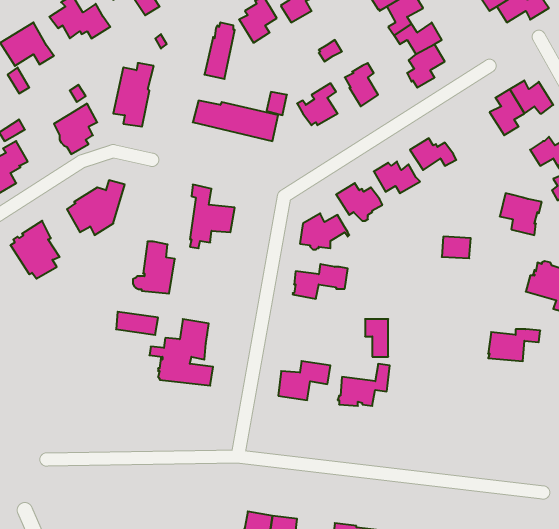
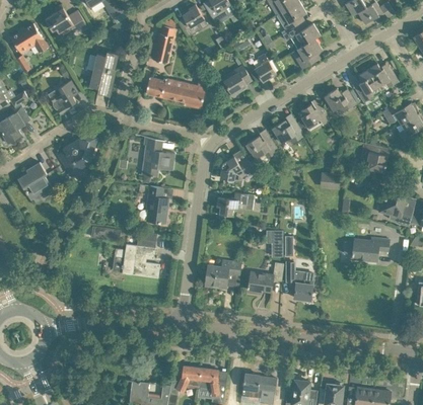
building: none -> [324,88,356,112]
building: [133,242,175,294] -> [139,186,168,223]
building: none -> [286,262,314,300]

